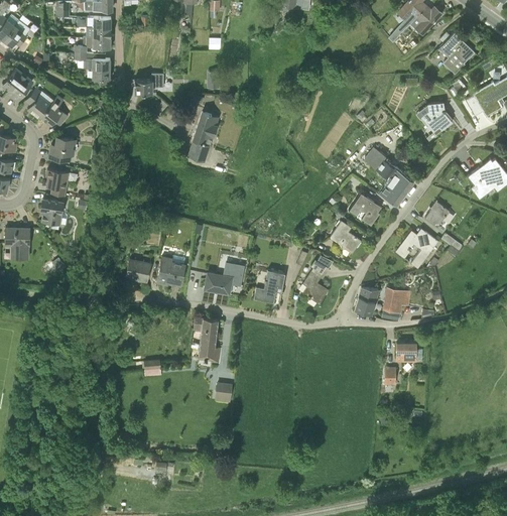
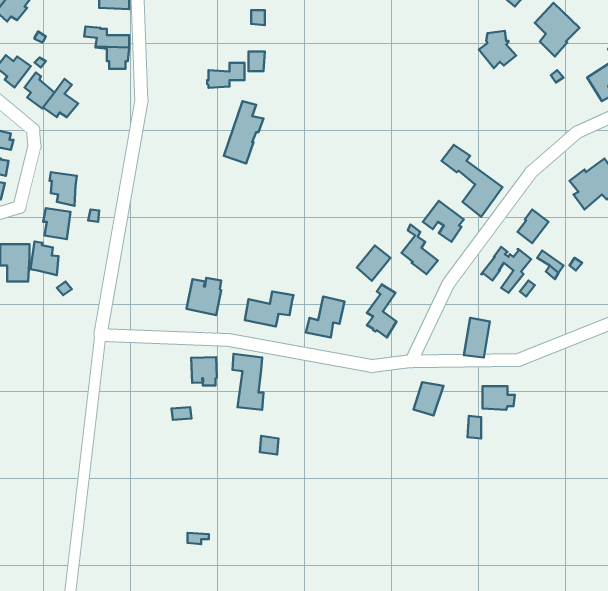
building: [75,36,110,52] -> none
building: [133,73,163,93] -> [207,63,244,88]
building: [421,102,452,132] -> [479,31,516,68]
building: [48,136,74,161] -> none
building: none -> [30,242,59,275]
building: none -> [357,245,390,281]
building: [126,259,150,280] -> none
building: [354,286,378,313] -> [414,382,443,416]
building: none -> [191,357,217,386]

